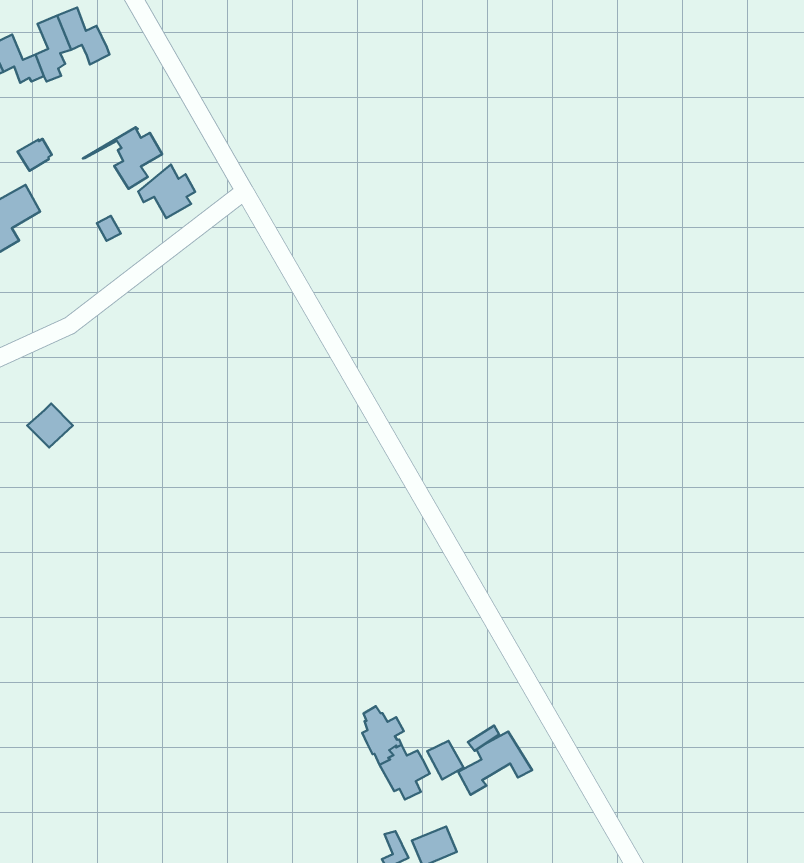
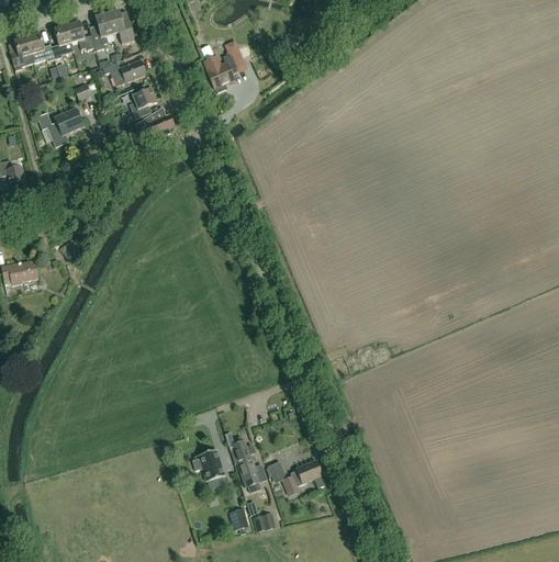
building: none -> [203,46,248,92]
building: none -> [102,59,146,86]
building: none -> [192,449,224,481]

